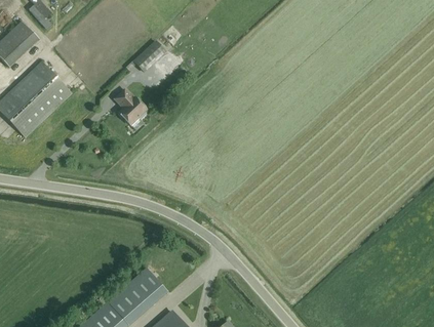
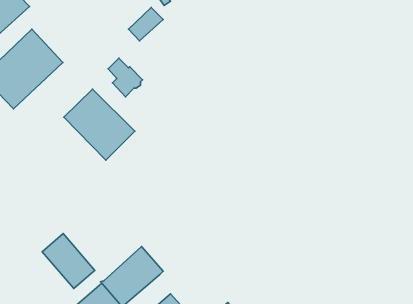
building: none -> [64,89,135,160]
building: none -> [42,234,95,289]

